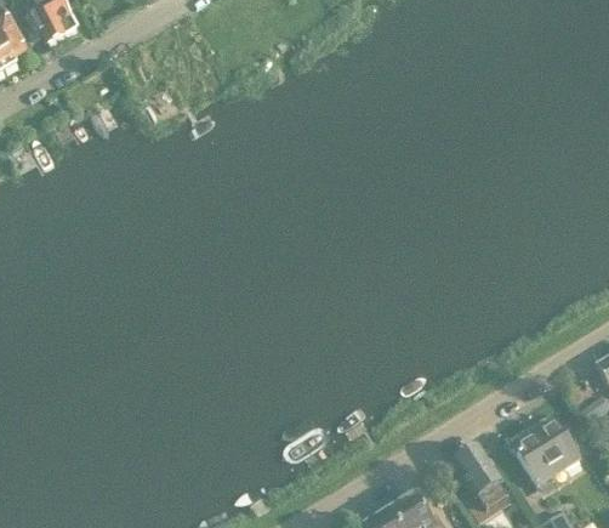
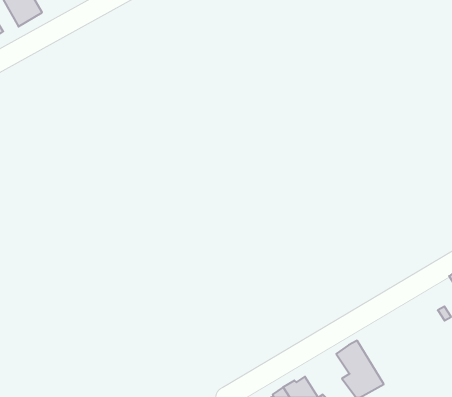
building: [512,418,579,484] -> none

